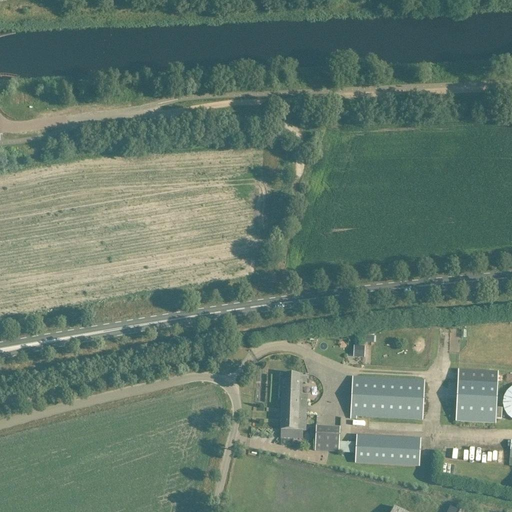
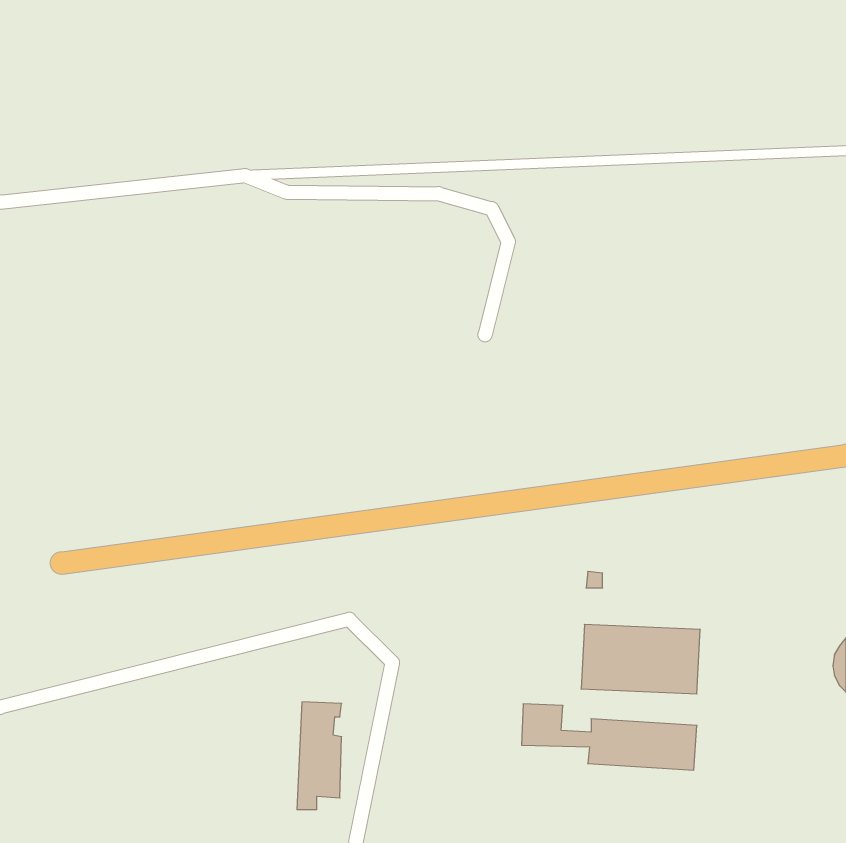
building: [457,369,498,422] -> none
building: [280,372,307,437] -> [297,702,342,810]

